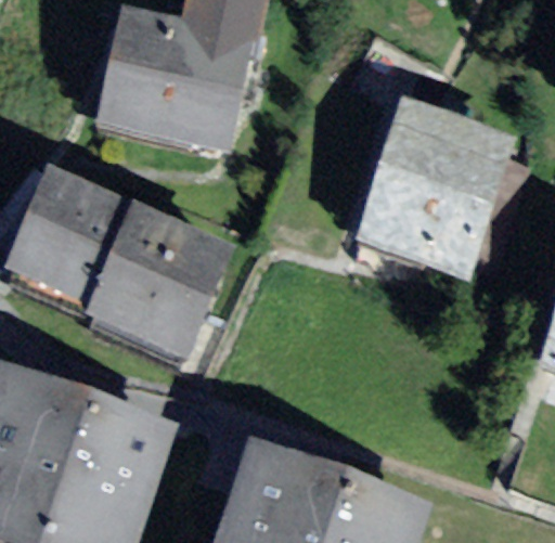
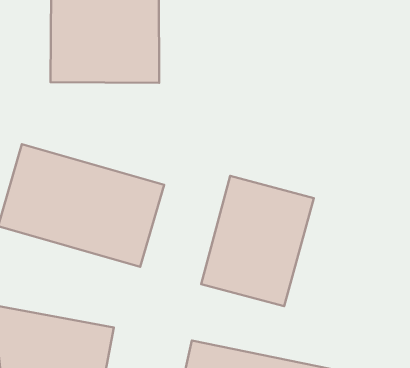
building: [358,104,509,262] -> none
building: none -> [201,176,314,306]

